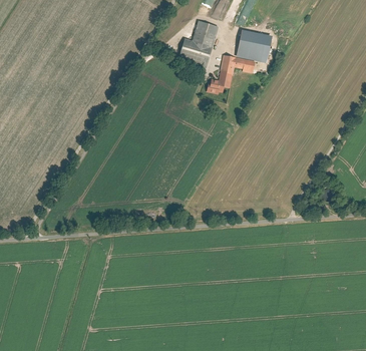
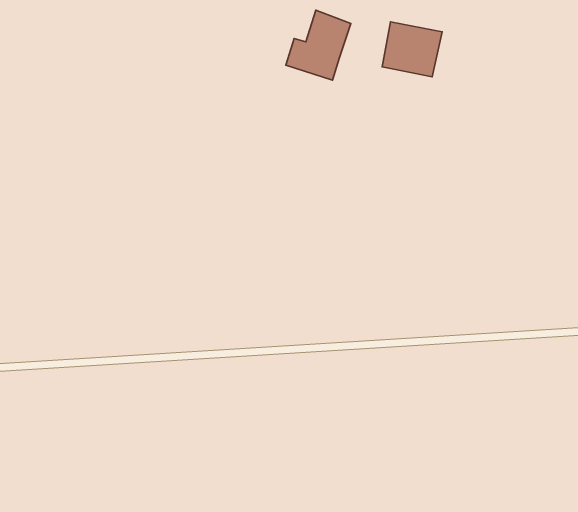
building: [207,55,253,93] -> none

